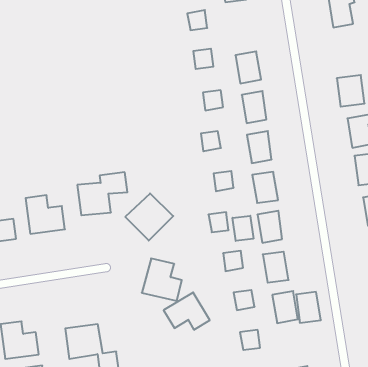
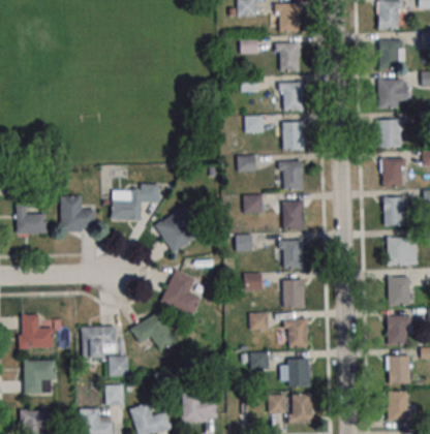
building: none -> [279,43,300,71]
building: none -> [378,80,402,109]
building: [233,216,253,241] -> none
building: [296,292,321,323] -> [288,359,309,386]
building: [164,292,210,330] -> [130,312,174,348]

